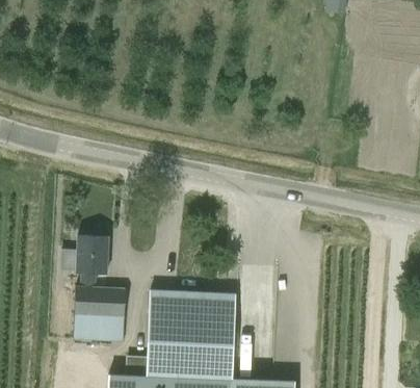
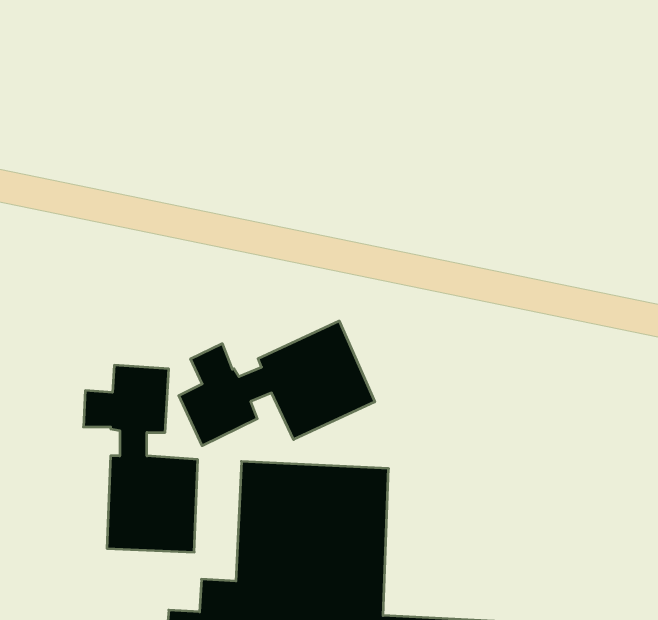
building: none -> [179,321,375,446]

